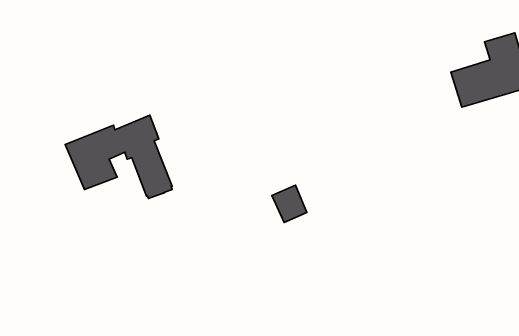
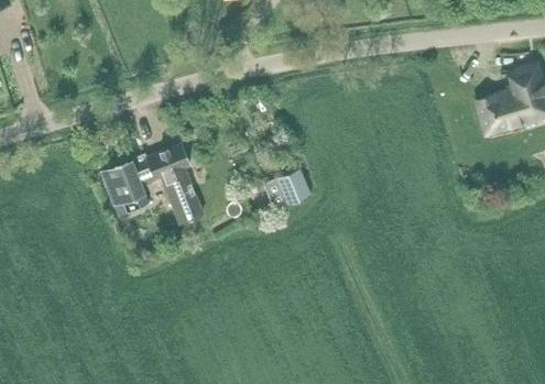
building: [272,185,307,222] -> [277,169,312,206]

